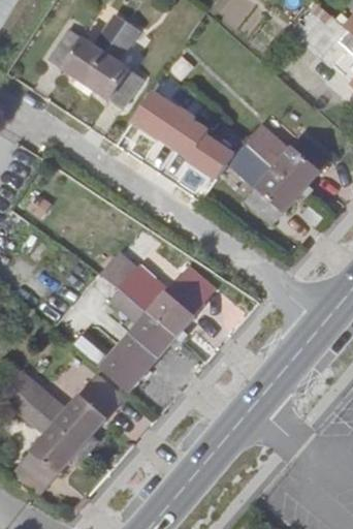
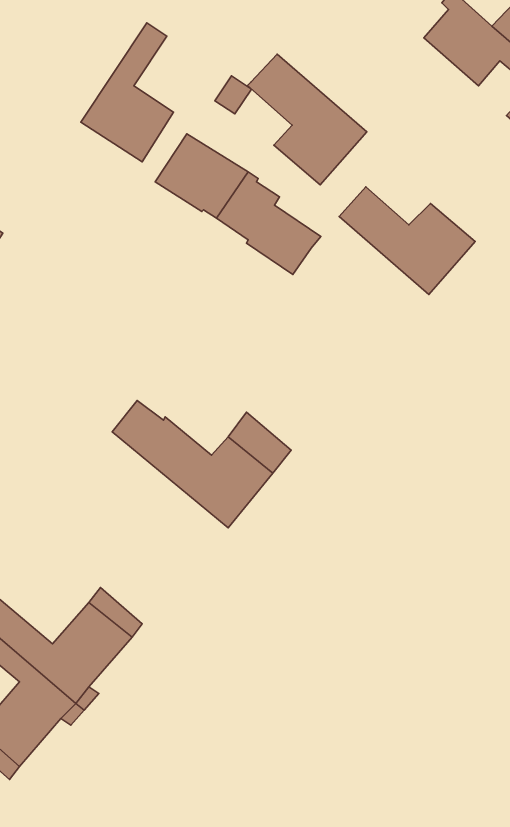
building: [47,13,126,84] -> none
building: [227,143,301,224] -> [247,54,367,185]
building: [90,273,176,392] -> none

